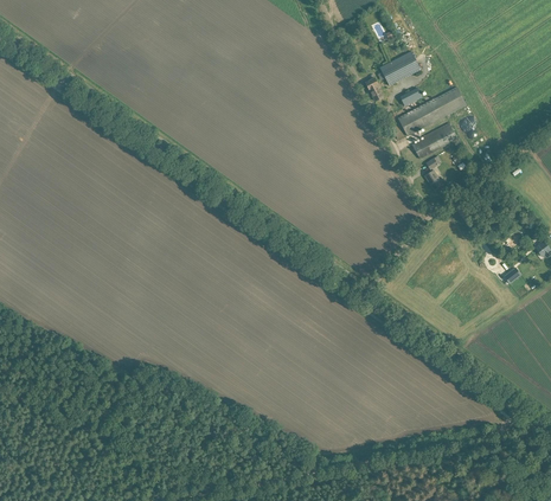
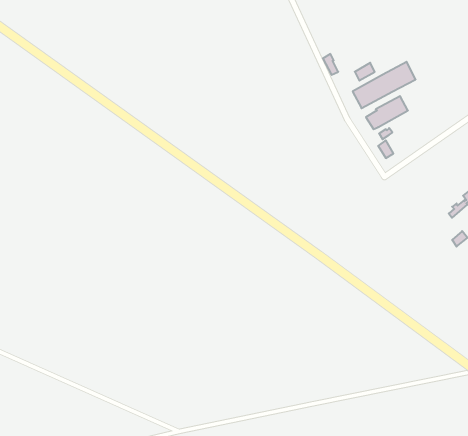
building: [380,51,421,85] -> none

